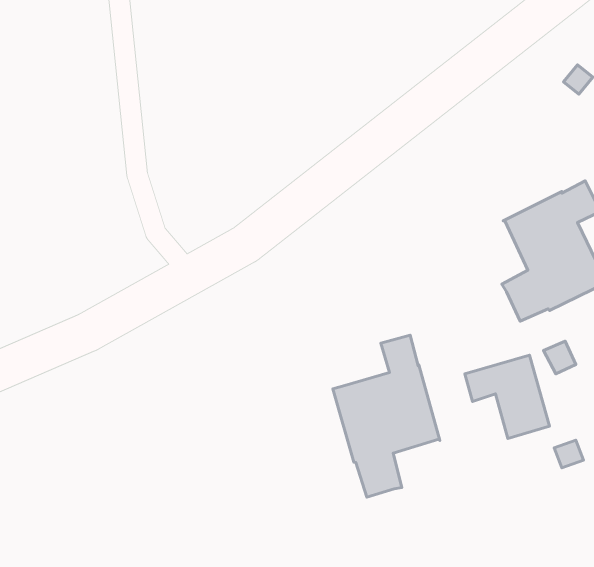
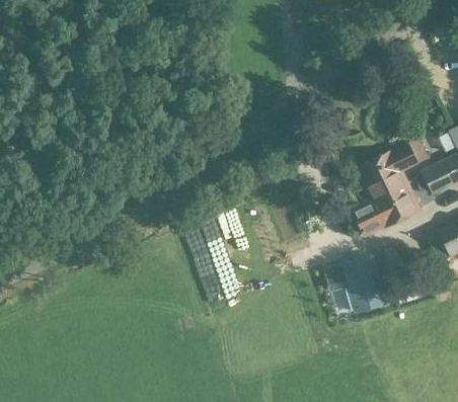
building: [333,335,440,497] -> none

